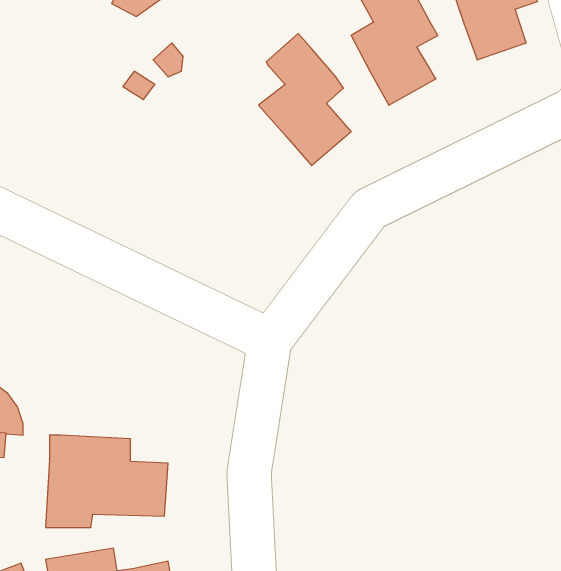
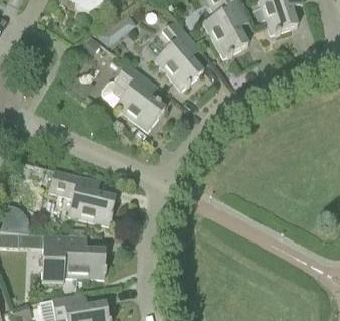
building: none -> [101,62,165,130]
building: none -> [49,169,116,224]

